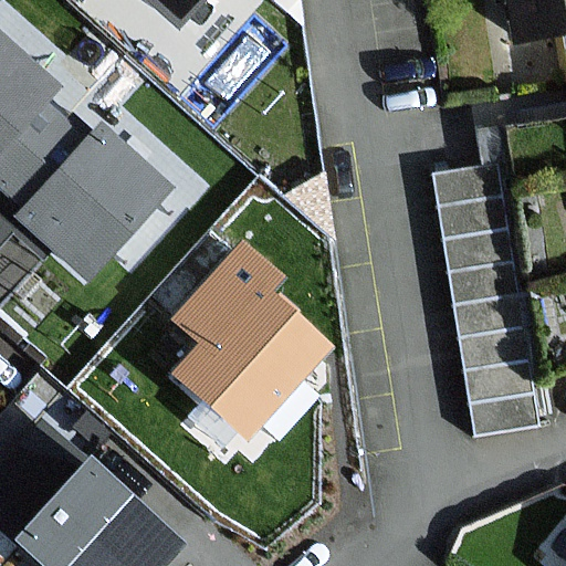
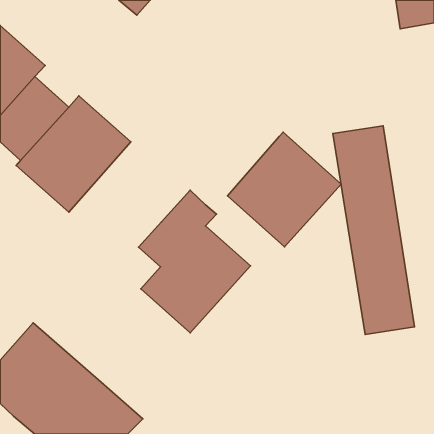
building: none -> [228,132,341,247]

